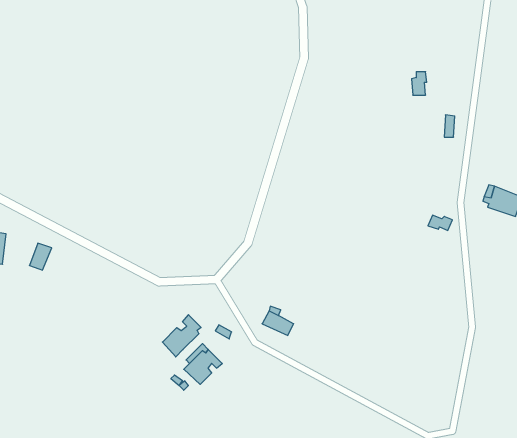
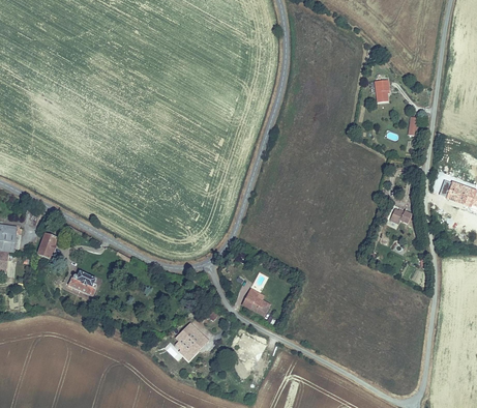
building: none -> [70,269,98,294]
building: [162,315,201,357] -> none

